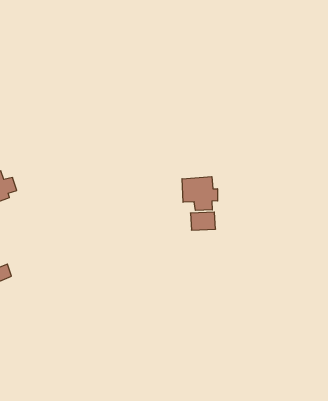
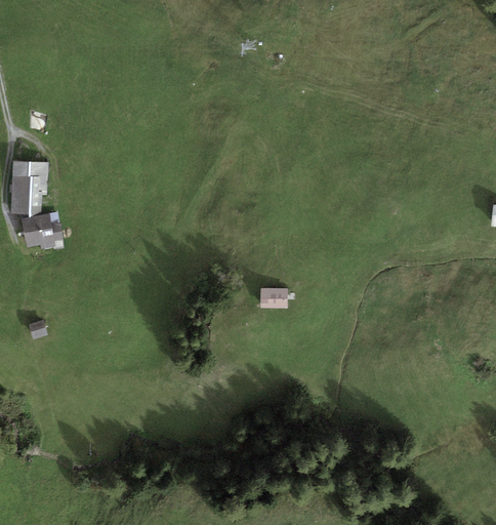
building: [182,177,218,210] -> none

